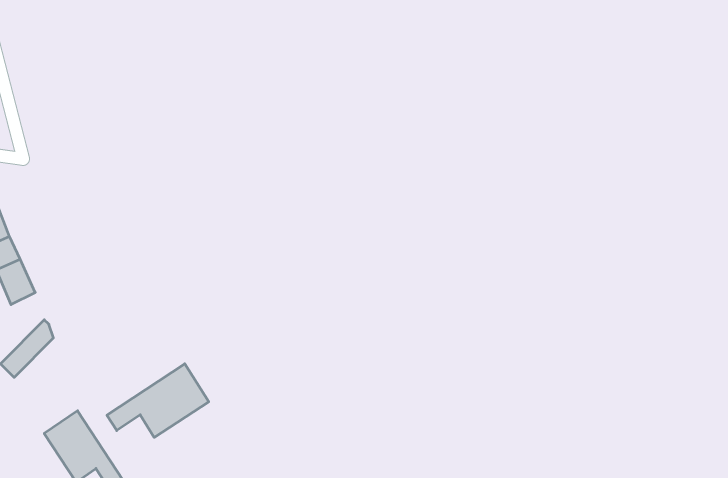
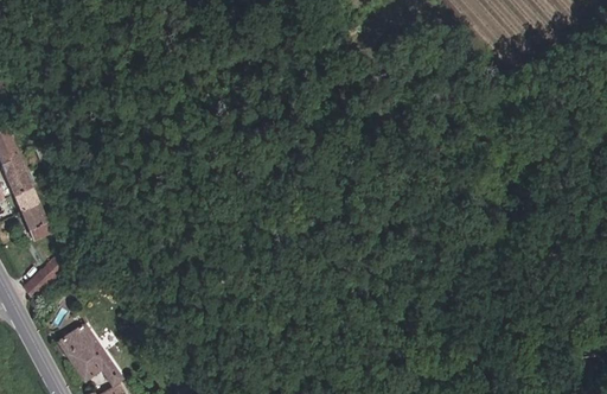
building: [107,364,209,437] -> none

